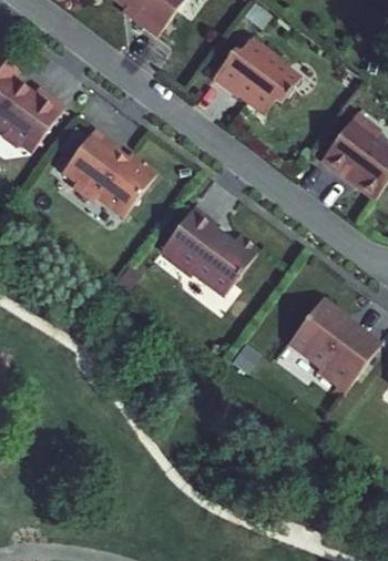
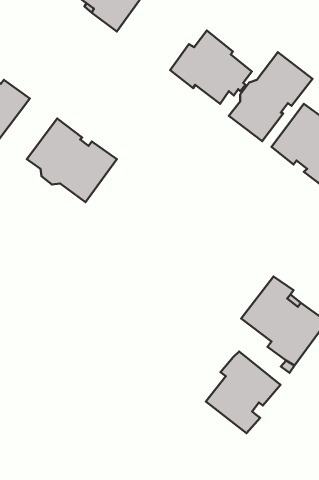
building: none -> [229,52,312,141]
building: [162,206,259,295] -> none
building: none -> [206,351,280,433]

